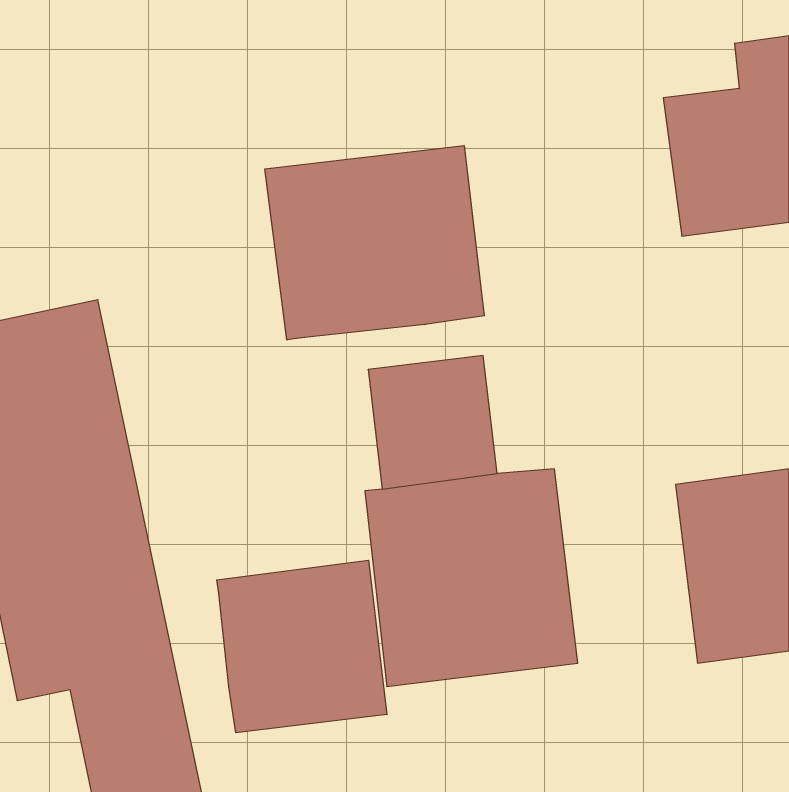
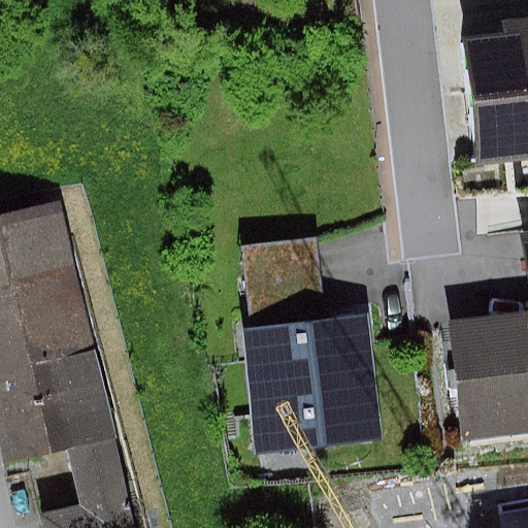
building: [265,146,484,340] -> none
building: [217,560,387,733] -> none

